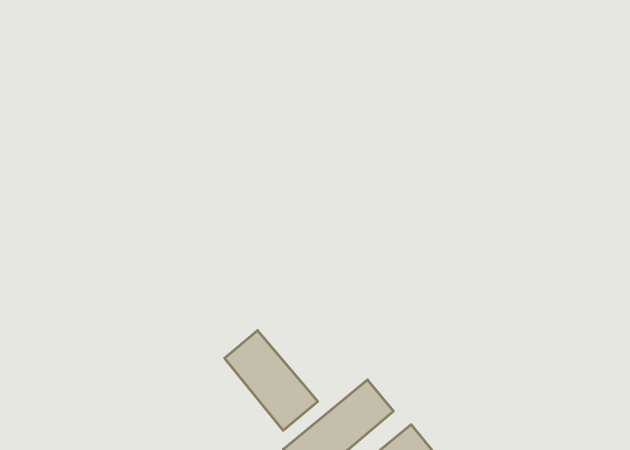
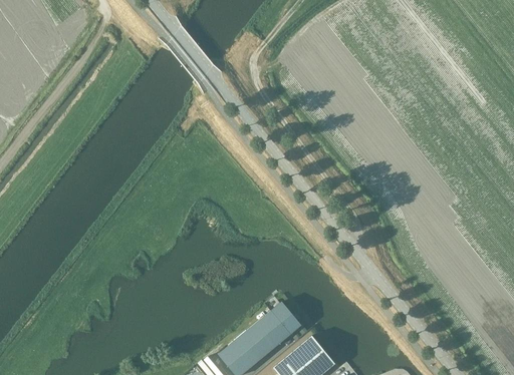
building: [225,330,318,430] -> none

